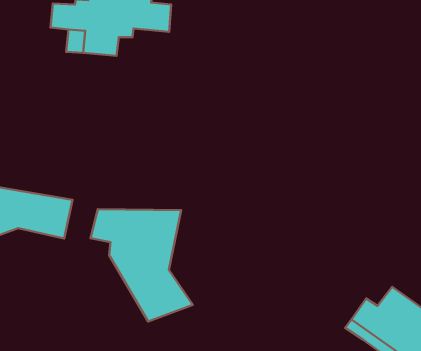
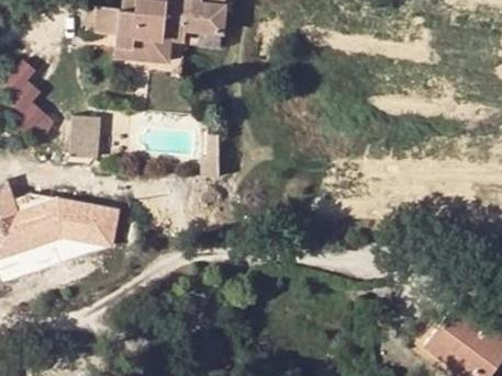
building: none -> [69,115,101,156]
building: [90,209,193,321] -> none

